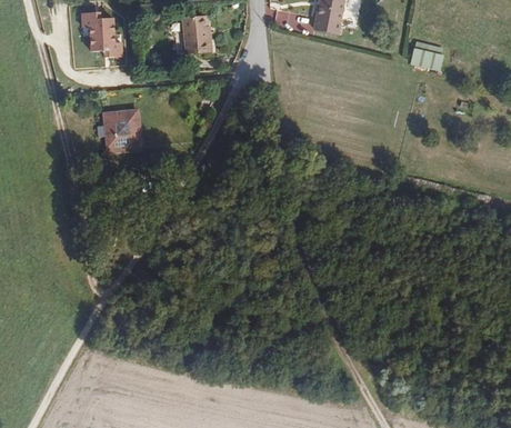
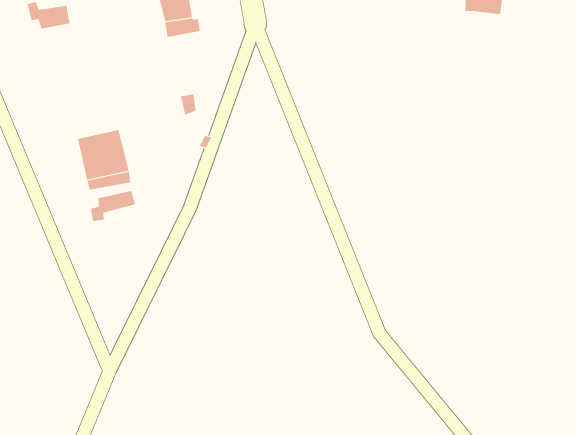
building: [88,29,119,53] -> none
building: none -> [90,190,136,222]

